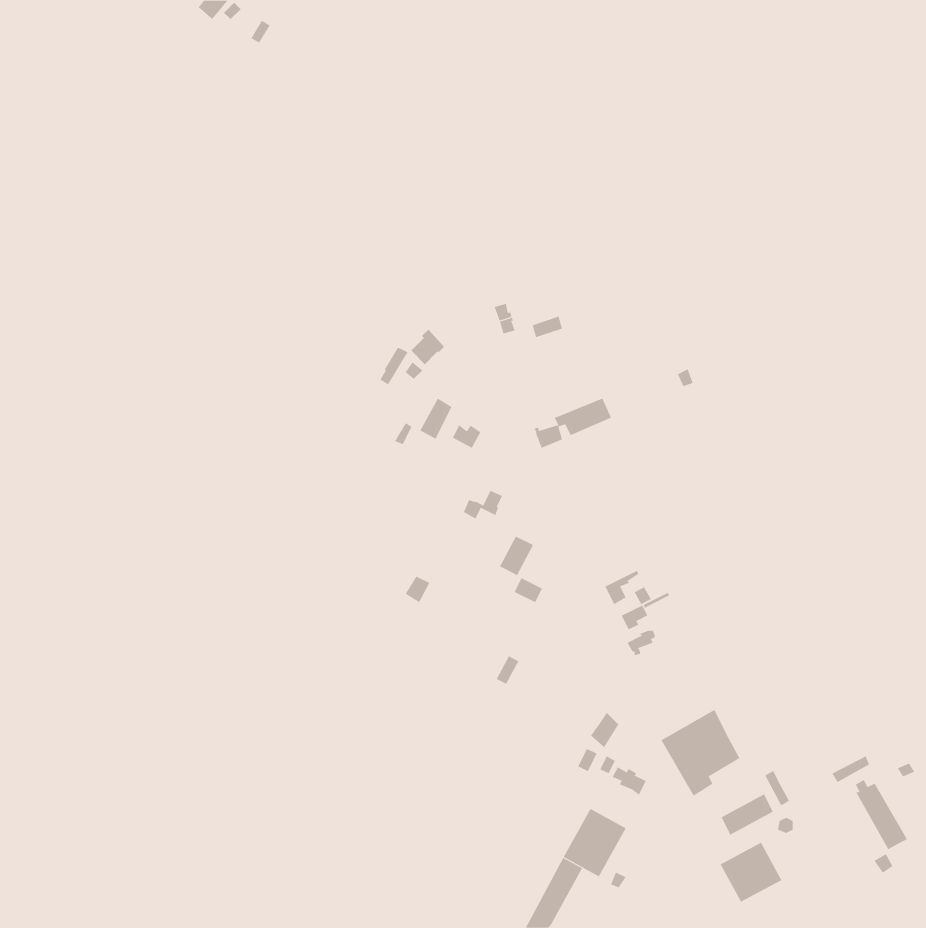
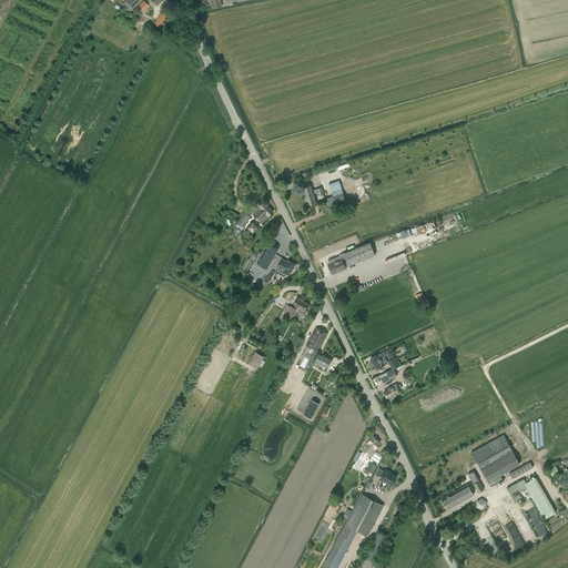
building: [660,709,740,796] -> [469,434,518,487]
building: [720,842,782,903] -> none

